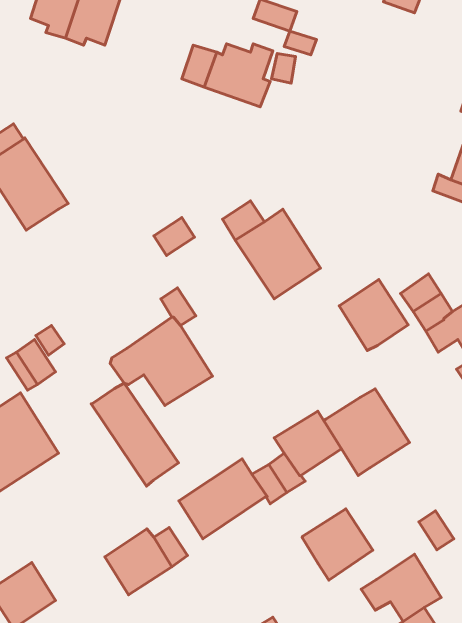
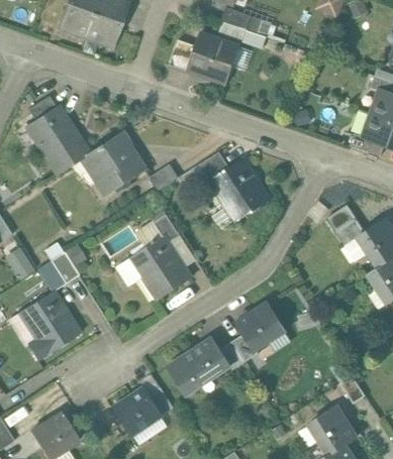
building: none -> [81,131,145,196]
building: [339,280,408,351] -> none
building: [91,383,179,486] -> none
building: [324,389,410,476] -> none
building: [302,509,373,580] -> none

